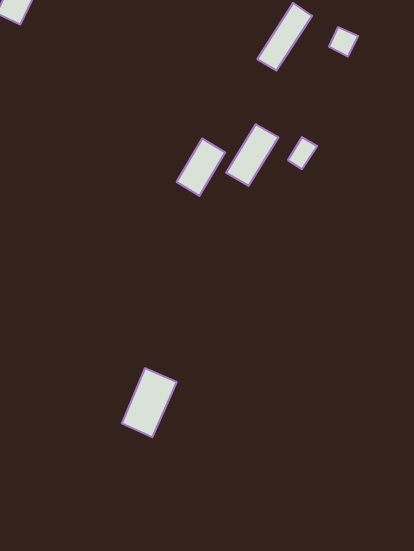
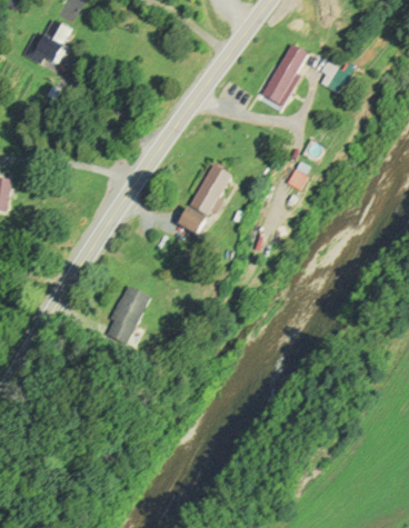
building: [226,124,278,186] -> none
building: none -> [180,206,211,235]
building: [122,368,177,437] -> [102,282,150,342]

